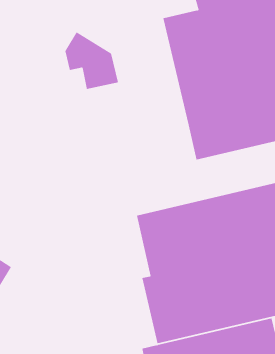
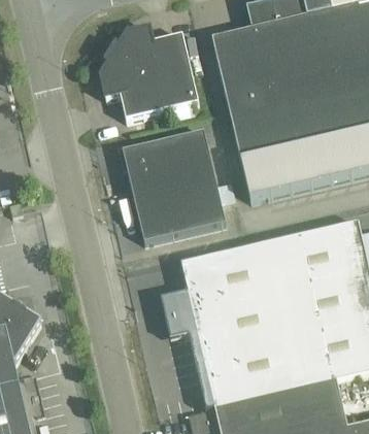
building: none -> [114,26,199,110]
building: none -> [123,130,226,240]
building: none -> [161,290,198,336]

